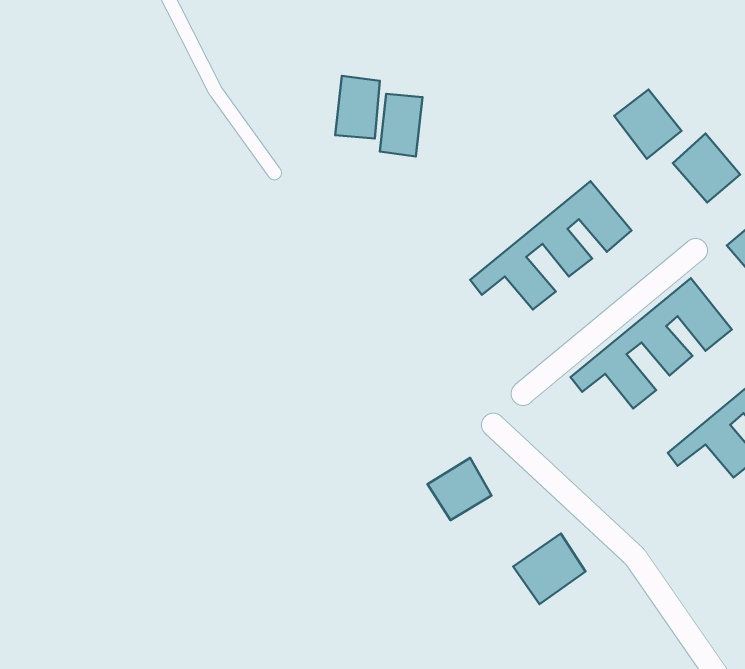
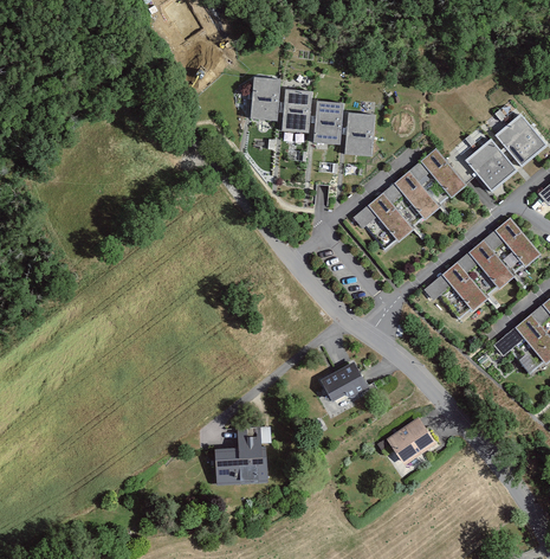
building: [614,90,682,159] -> [466,141,515,191]
building: none -> [315,99,347,144]
building: none -> [345,114,378,158]
building: none -> [212,416,266,476]

